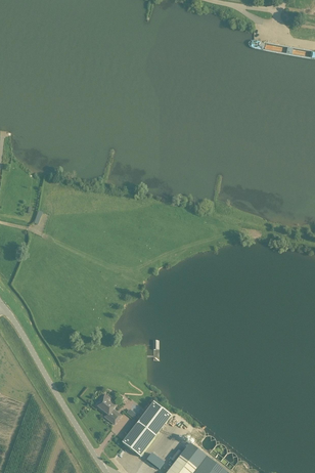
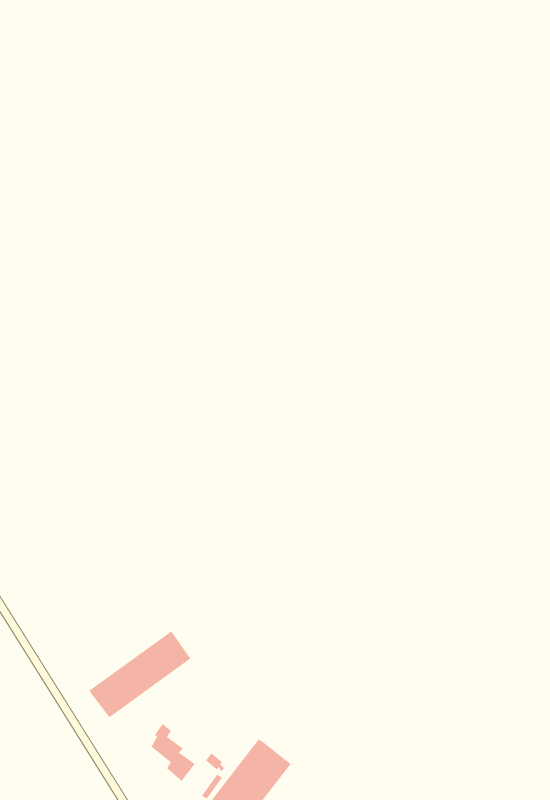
building: none -> [89,631,191,718]

